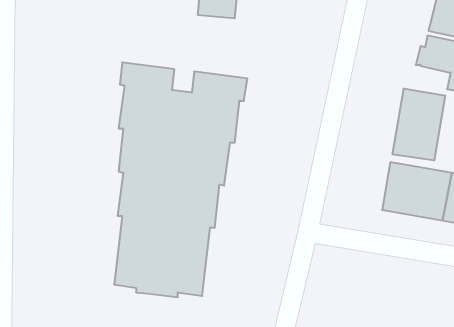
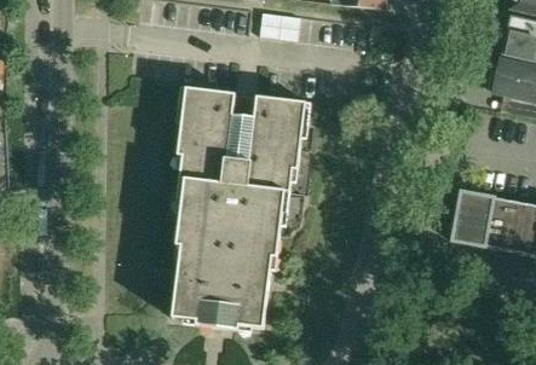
building: [393,88,445,160] -> none

